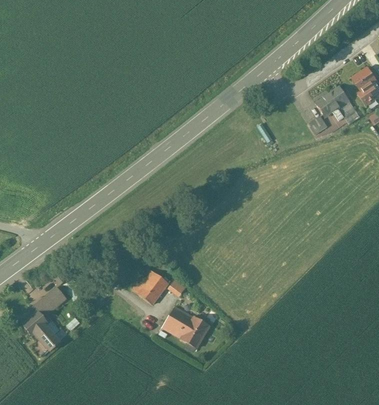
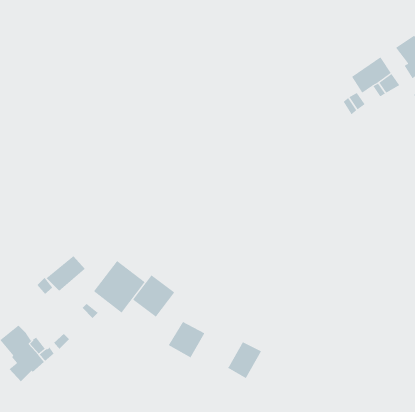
building: none -> [93,260,145,313]
building: [33,286,66,316] -> [46,256,85,291]
building: [180,316,209,347] -> [227,342,262,379]

